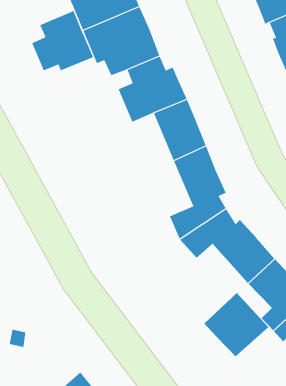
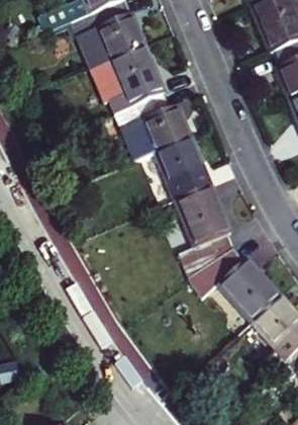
building: [32,10,94,71] -> none
building: [203,292,269,357] -> none

